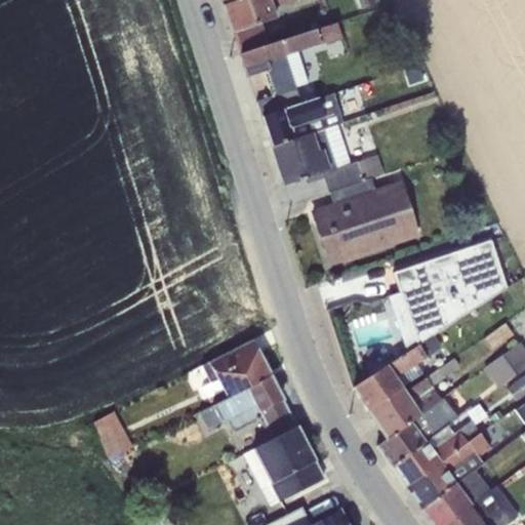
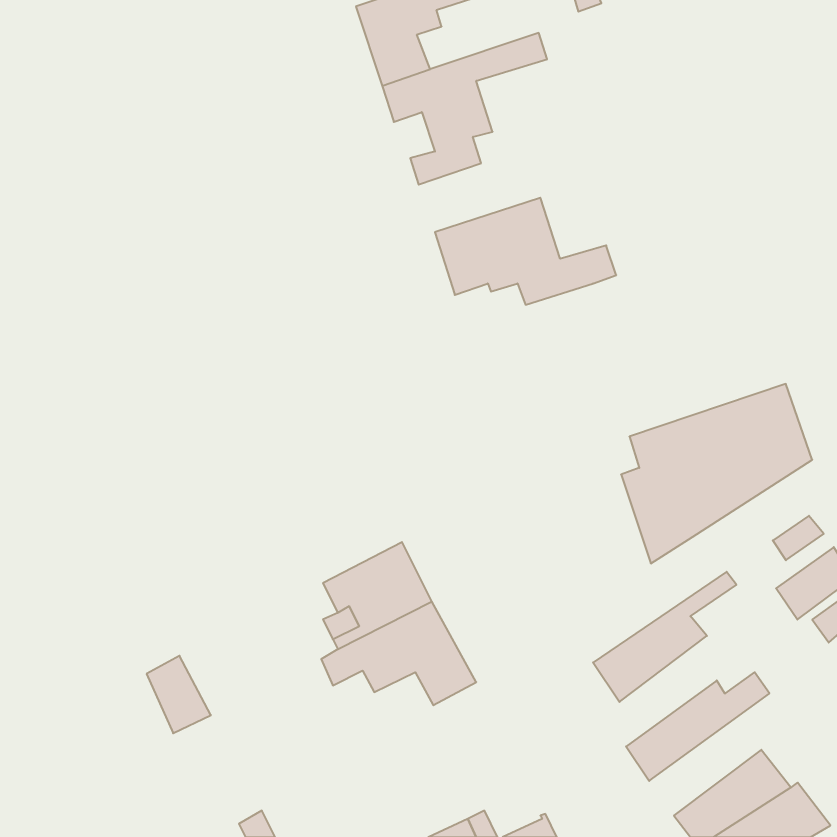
building: [264,91,345,145] -> none
building: [312,176,420,265] -> none
building: [354,334,443,412] -> none
building: [378,395,460,465] -> none
building: [245,425,327,503] -> none
building: [407,432,492,508] -> none

